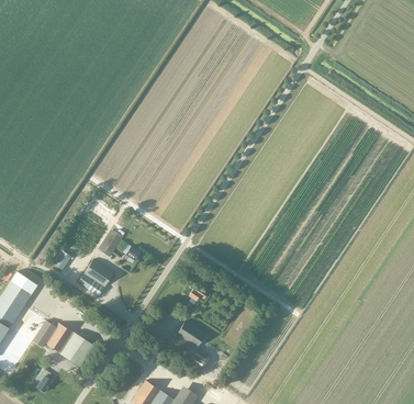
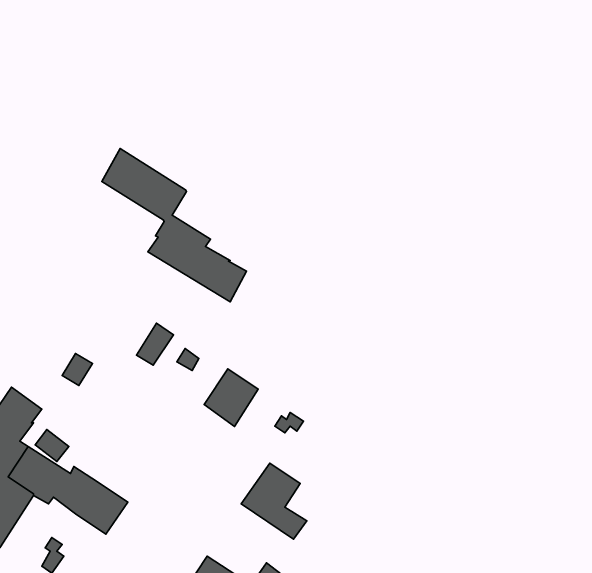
building: none -> [102,149,247,302]
building: [79,258,114,295] -> [204,369,258,426]

